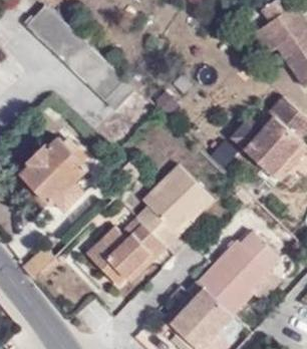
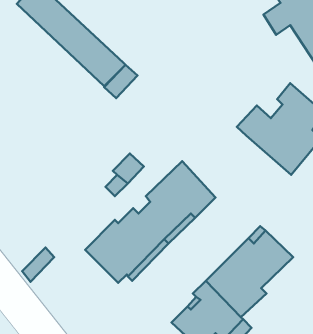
building: [22,138,87,208] -> none

